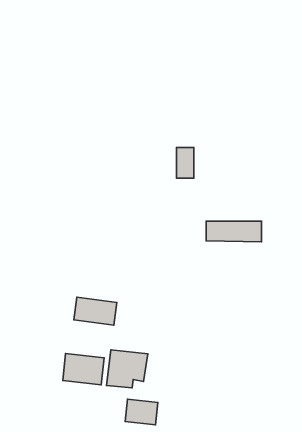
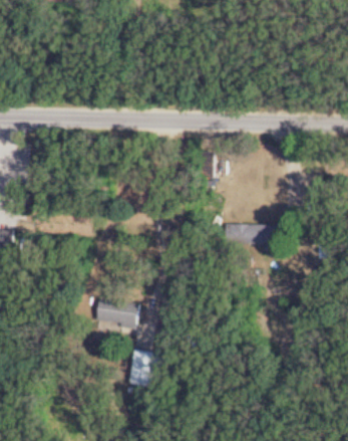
building: [63,353,104,385] -> none
building: [125,399,158,425] -> none

